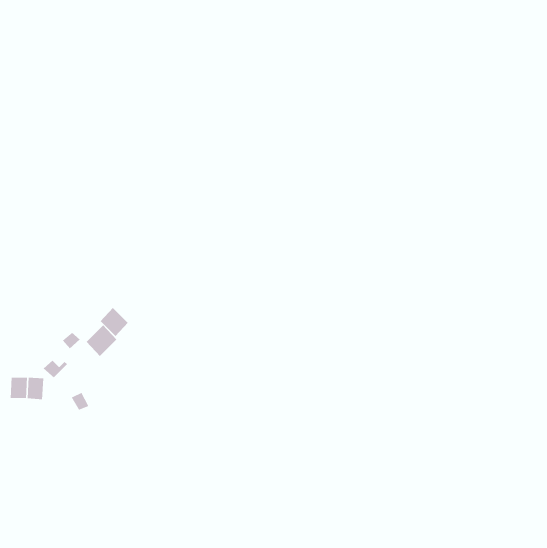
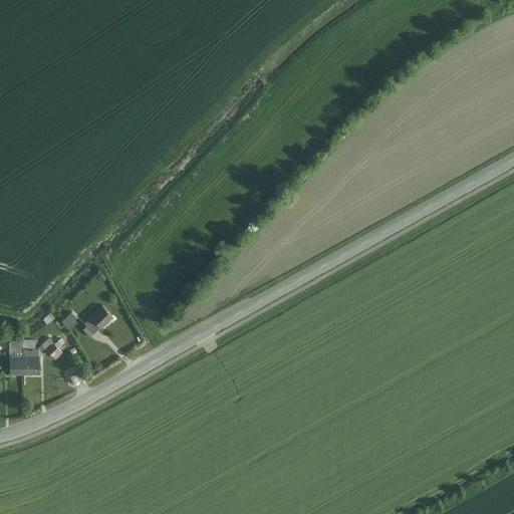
building: [100,307,128,337] -> none

